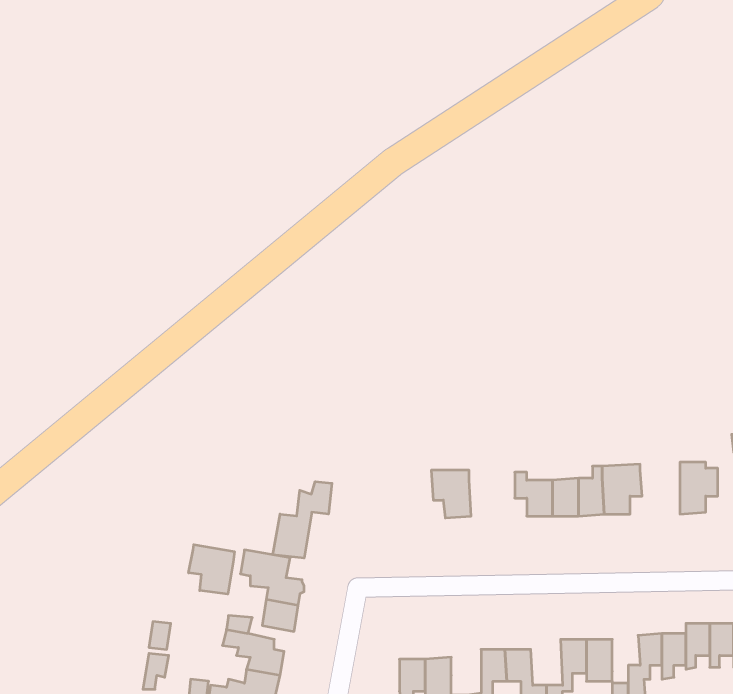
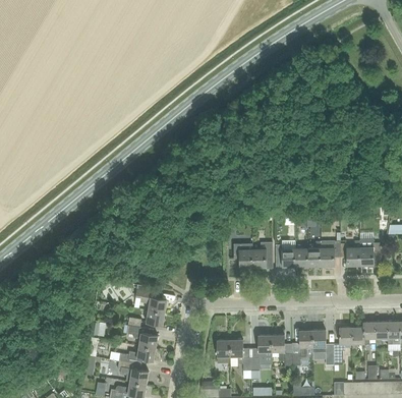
building: none -> [340,240,360,266]
building: none -> [252,242,273,267]
building: [273,482,332,558] -> none
building: [189,545,234,594] -> none

